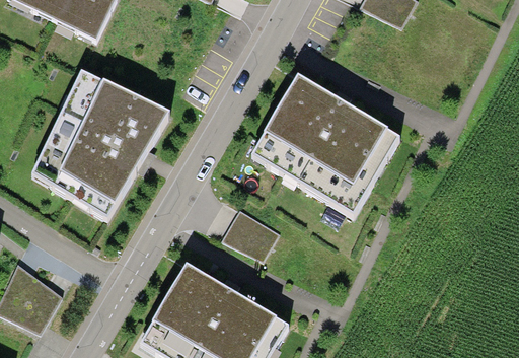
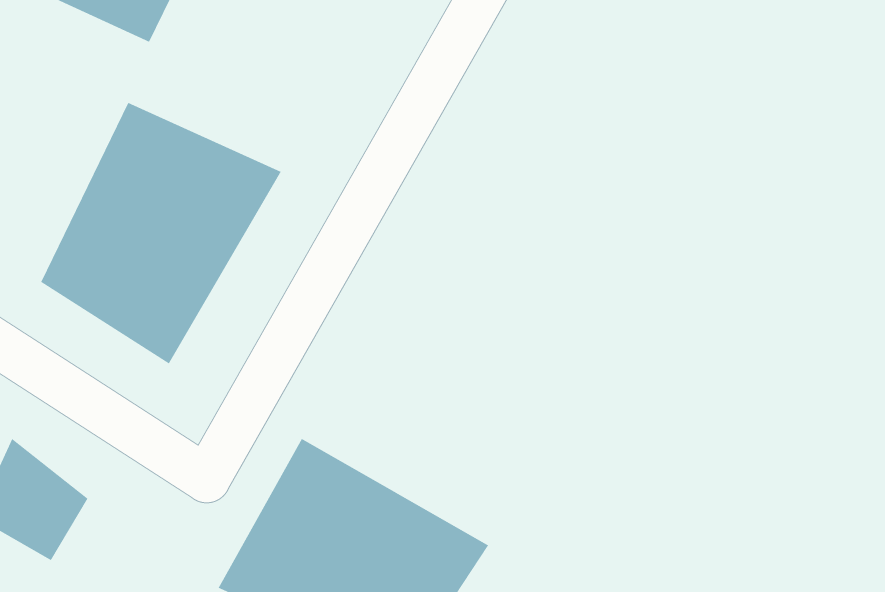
building: [250,74,404,218] -> none

